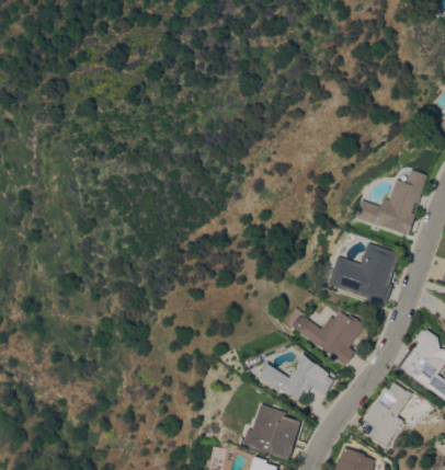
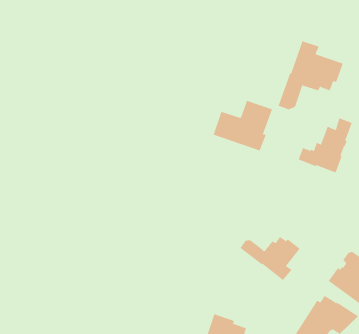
building: none -> [278,41,343,110]
building: [328,243,400,305] -> [213,100,273,151]
building: [259,353,334,401] -> none

